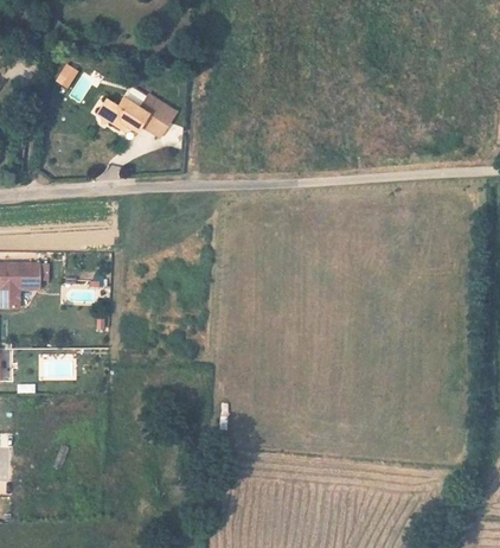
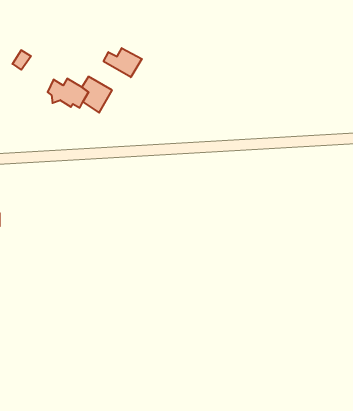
building: none -> [104,48,142,77]

